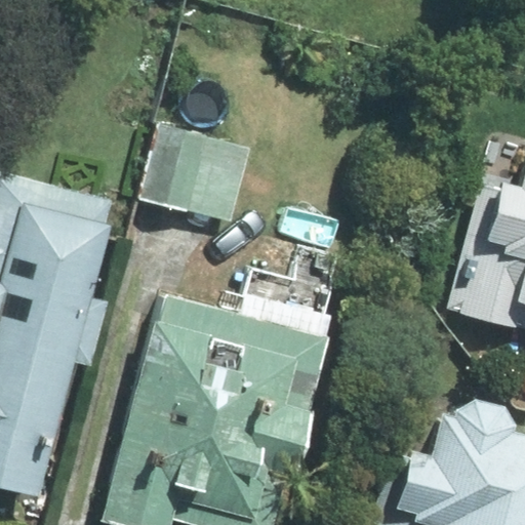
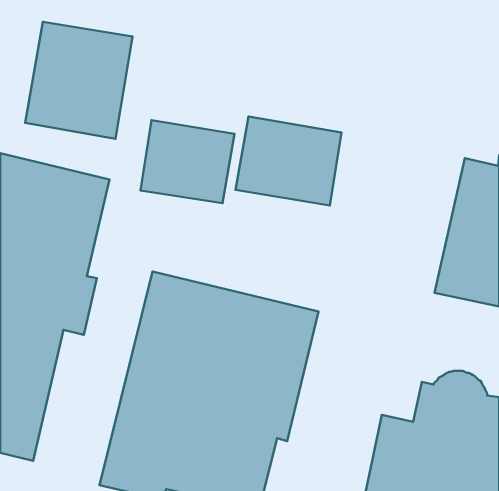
building: none -> [25,22,132,139]
building: none -> [235,116,341,205]

